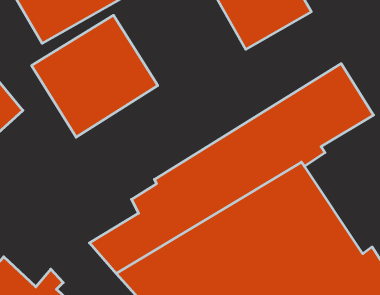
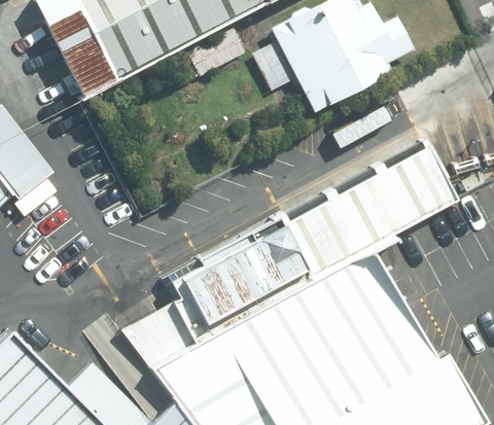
building: [32,15,158,137] -> none

